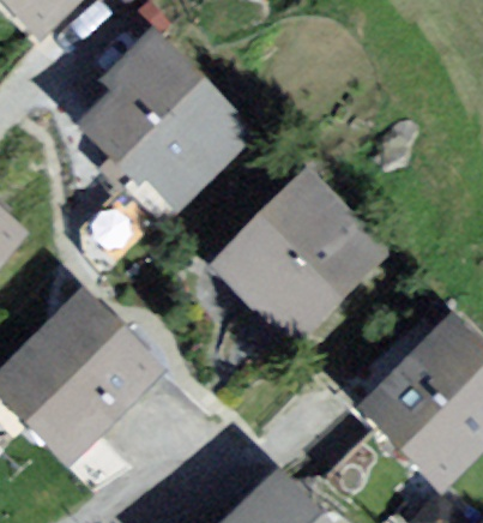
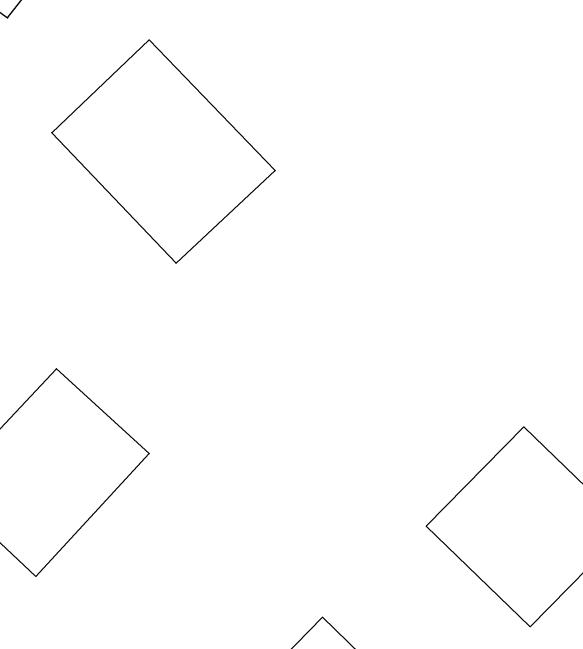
building: [217,175,375,333] -> none

